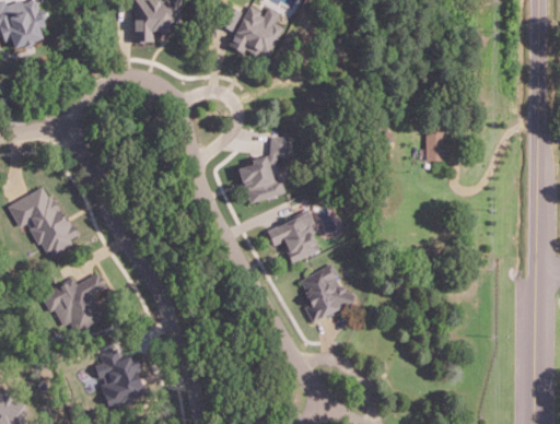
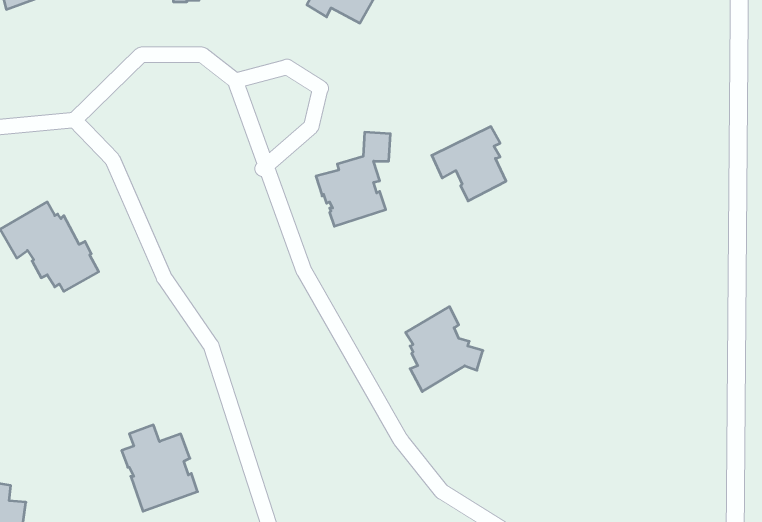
building: [427,133,445,163] -> none
building: [264,210,317,263] -> [432,127,506,201]
building: [39,274,102,331] -> none

